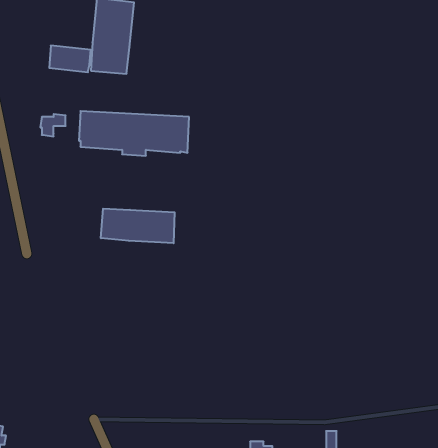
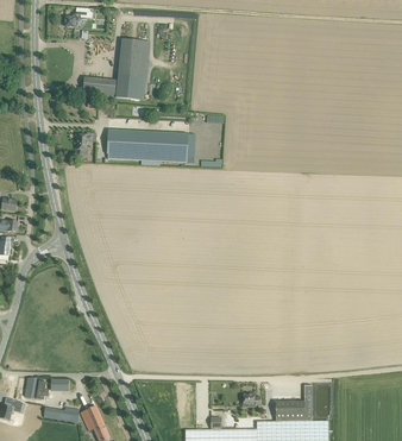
building: [101,209,175,243] -> none

